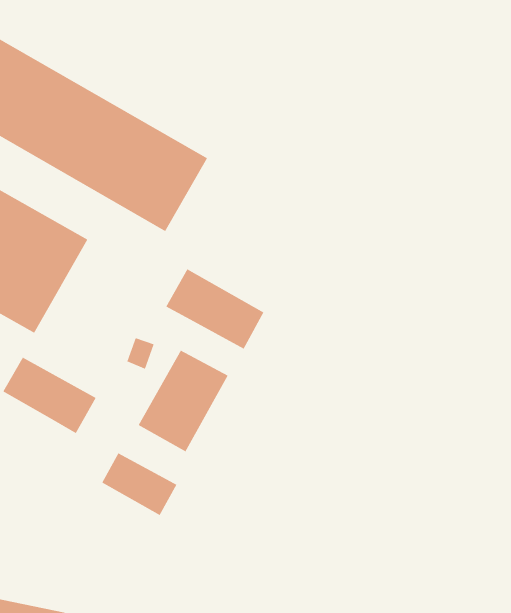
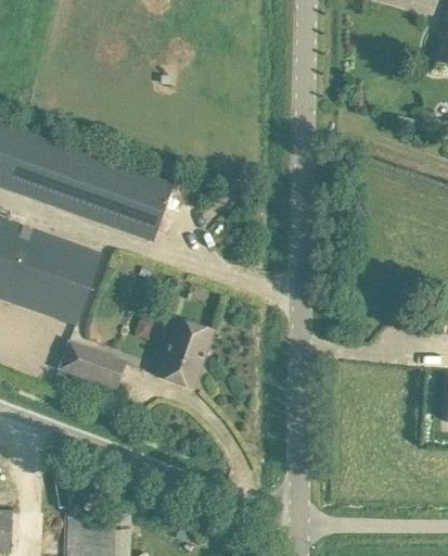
building: [166,268,264,349] -> none
building: [102,452,177,516] -> none

